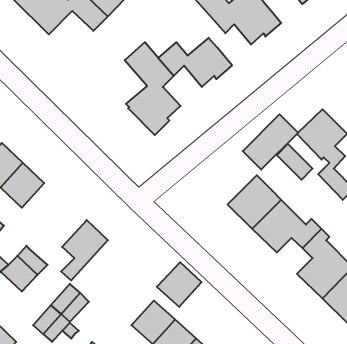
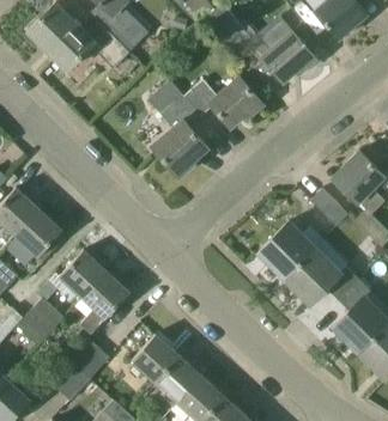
building: [243,114,298,170] -> none
building: none -> [57,249,107,298]
building: [157,262,202,307] -> [131,334,178,382]

